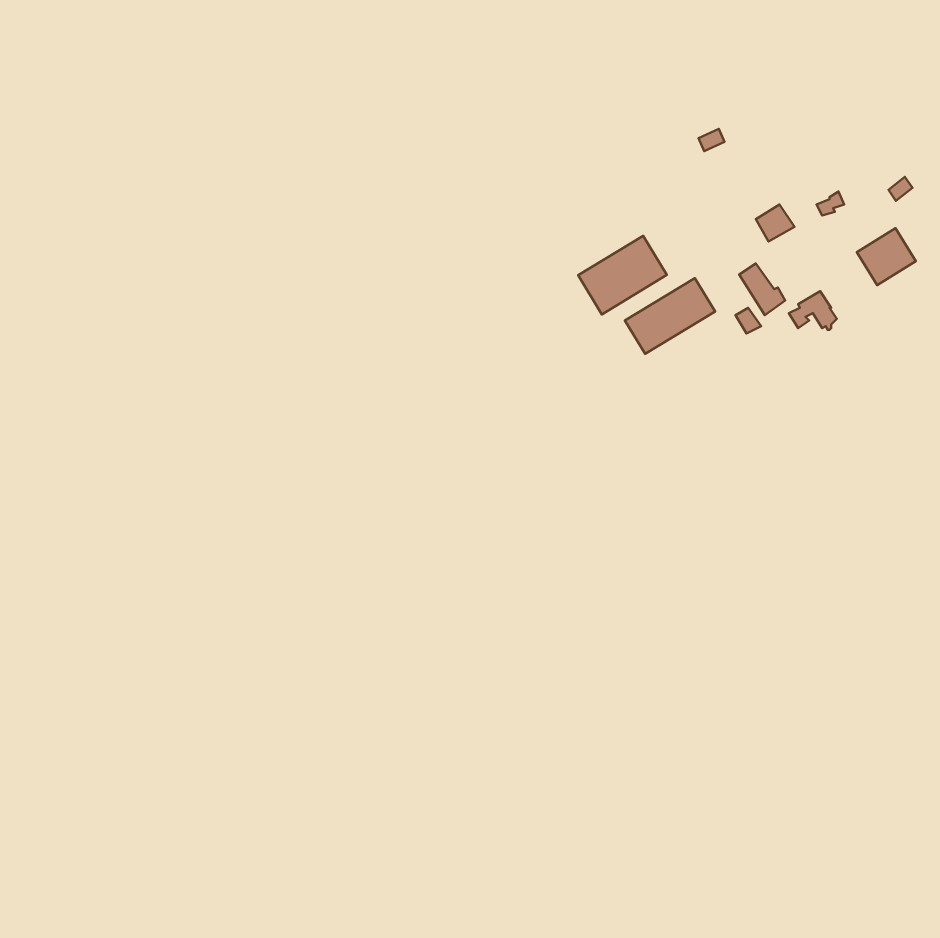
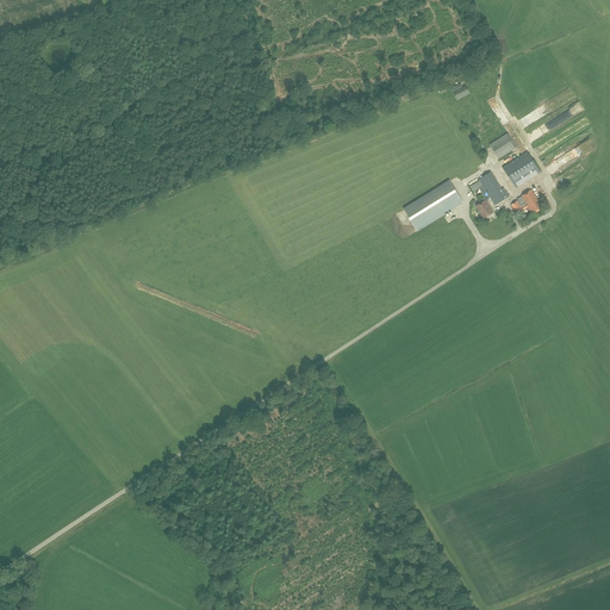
building: [857,228,916,285] -> [500,149,539,186]
building: [578,236,667,314] -> none

